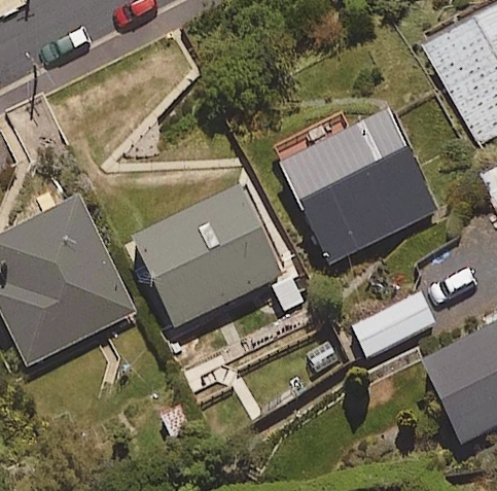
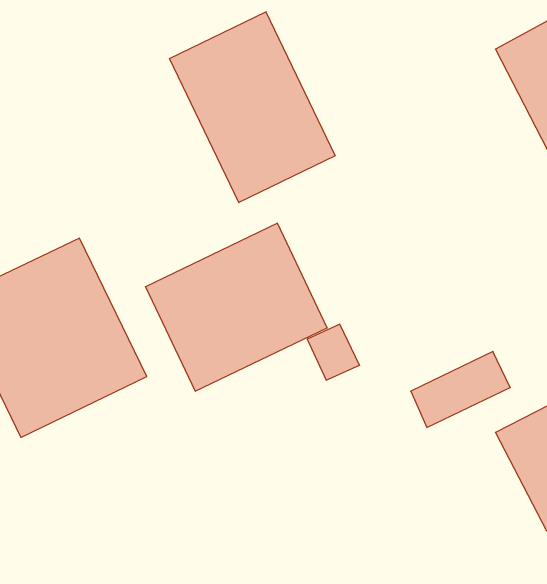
building: none -> [170,12,335,203]
building: [273,107,440,261] -> none

